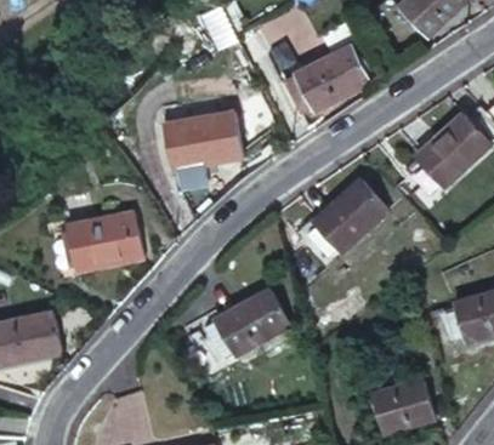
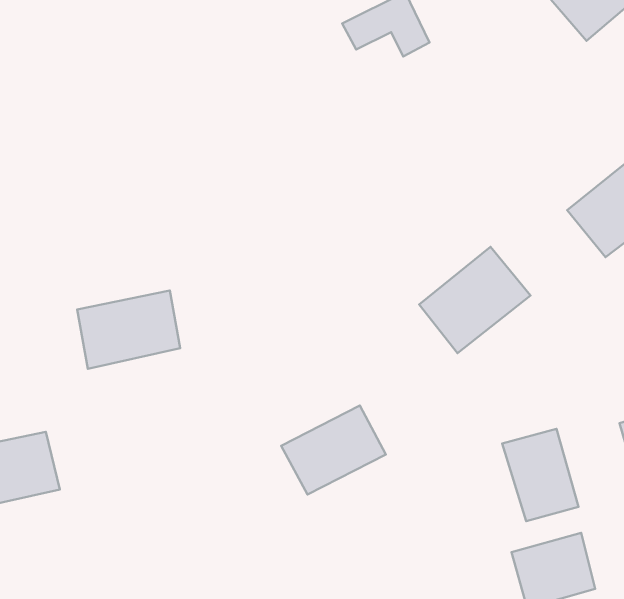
building: [290,44,365,110] -> none
building: [169,114,240,170] -> none
building: none -> [502,429,578,521]

